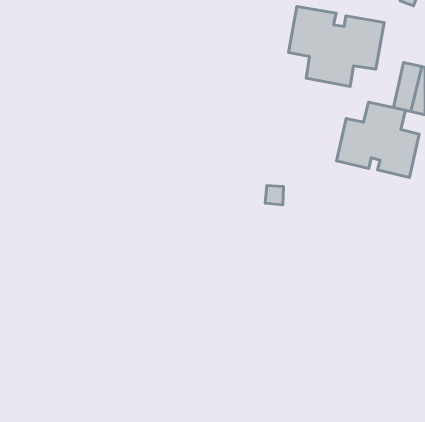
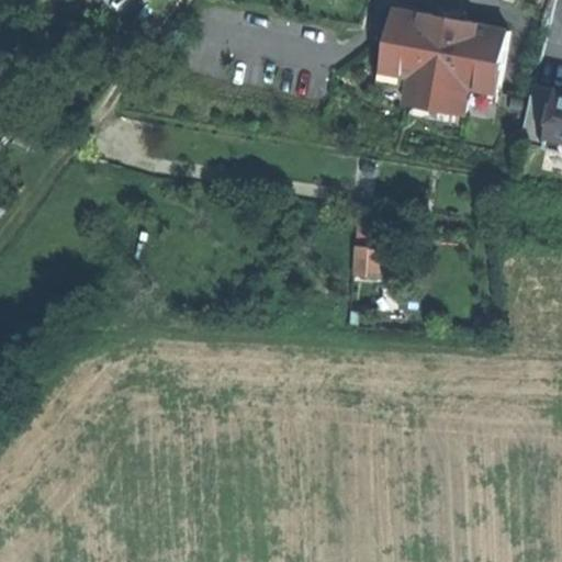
building: [336,102,419,177] -> none

